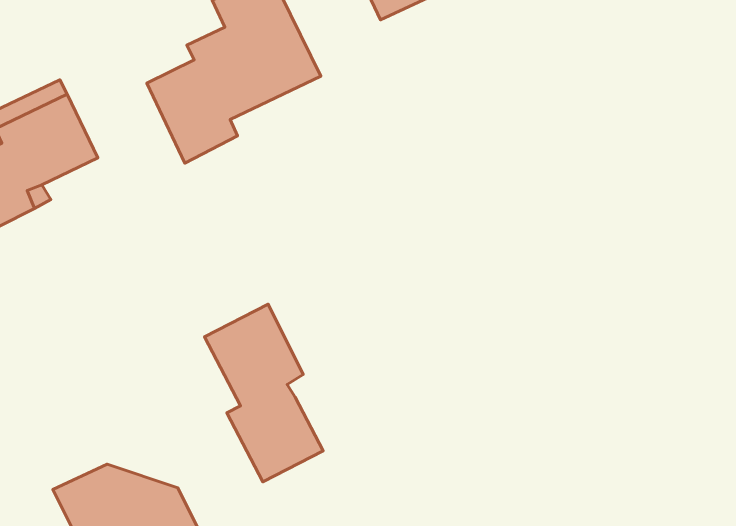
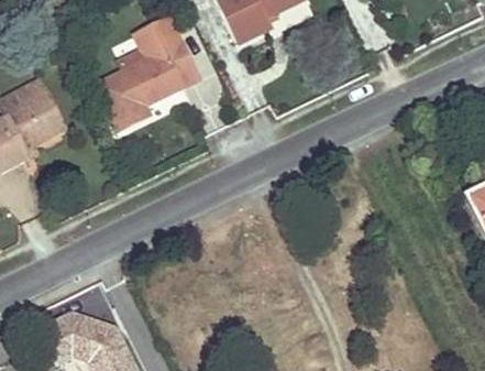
building: [204,304,323,482] -> none

